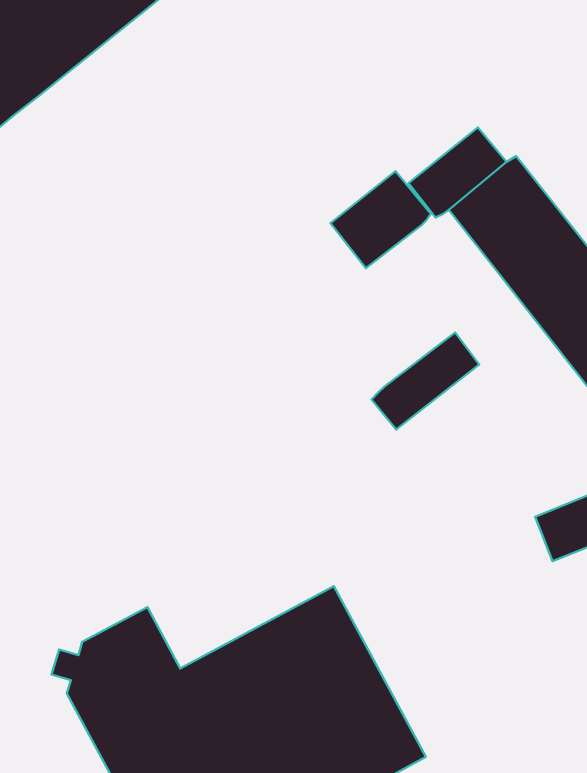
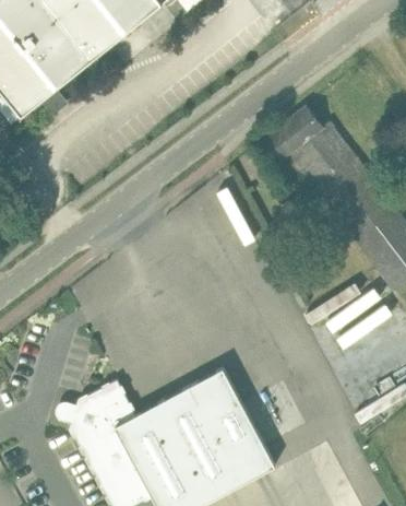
building: [330,171,431,268] -> none
building: [372,333,479,430] -> none

